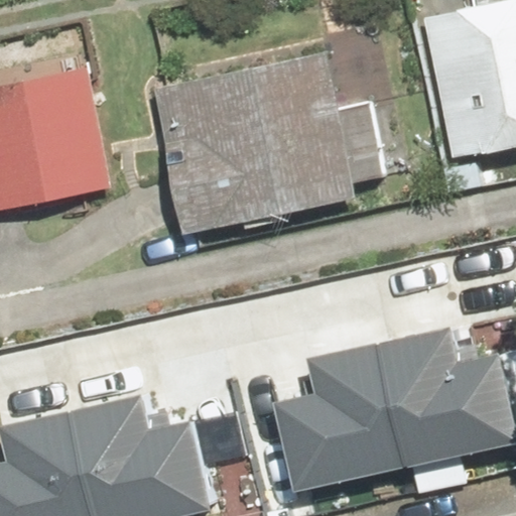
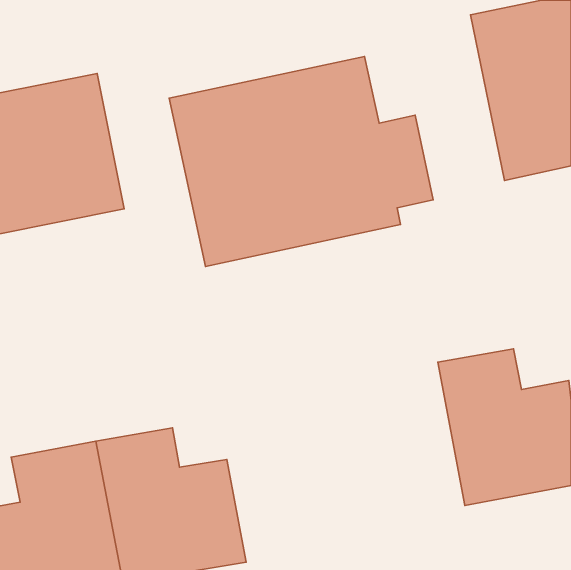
building: [286,330,415,479] -> none

